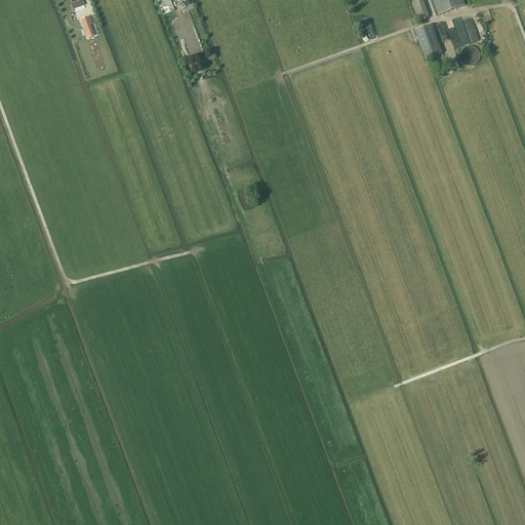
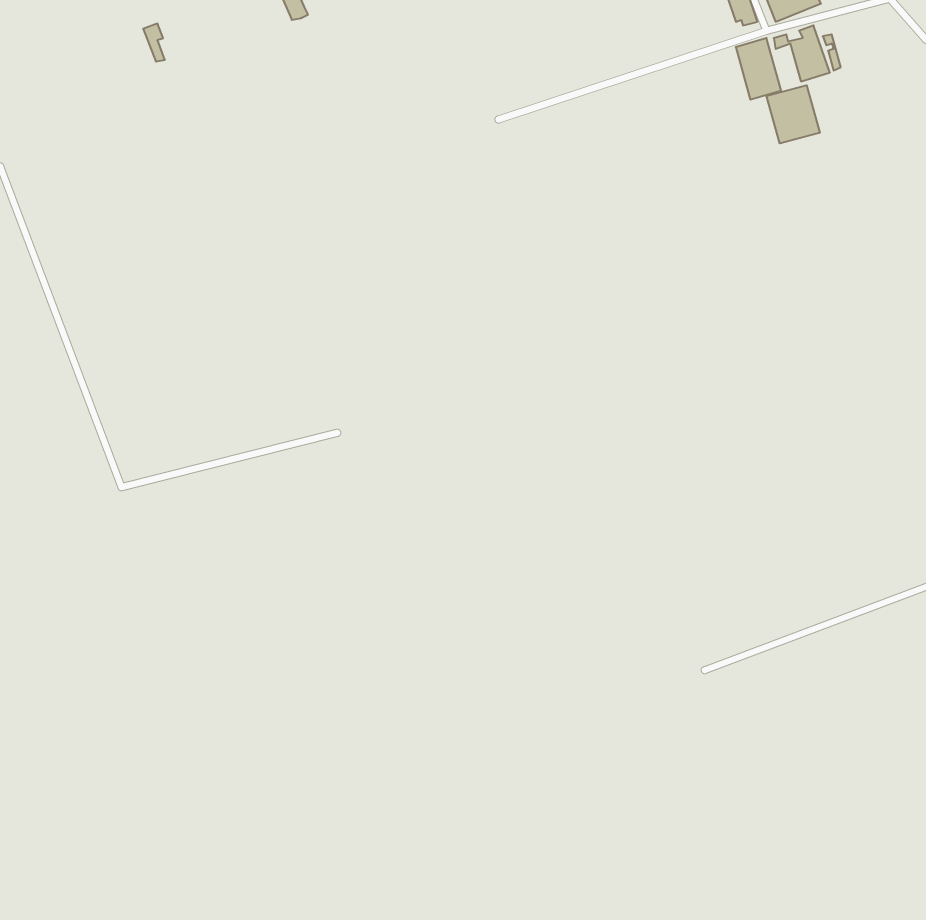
building: none -> [767,85,820,143]

